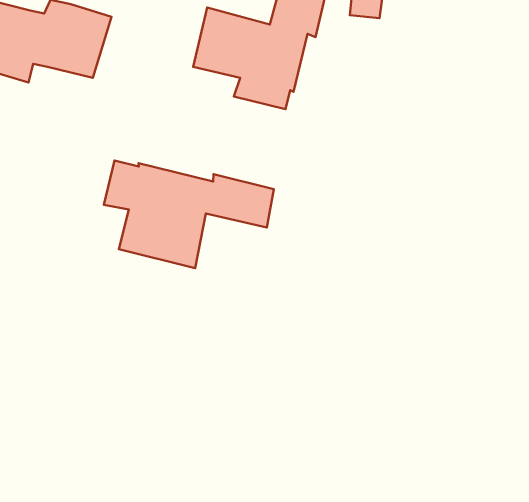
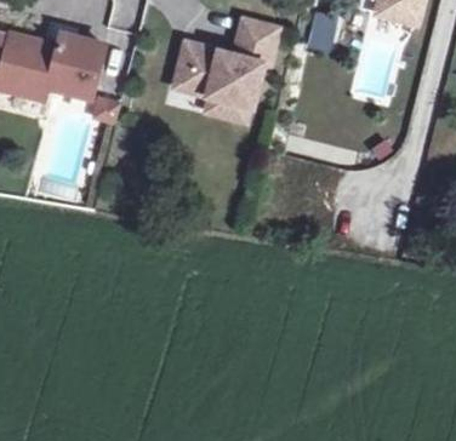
building: [104,161,274,268] -> none

